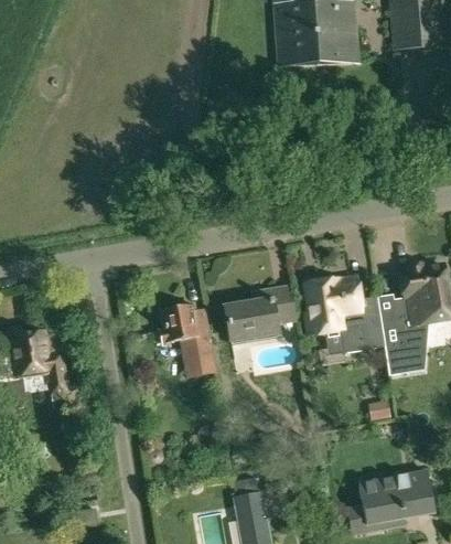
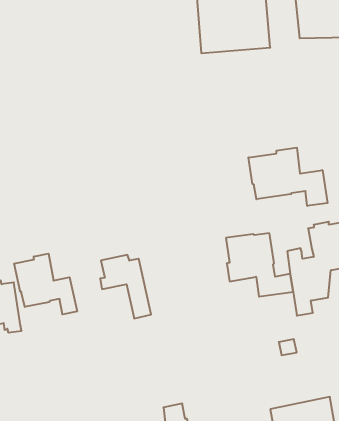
building: none -> [248,148,328,206]
building: [225,288,296,339] -> none
building: none -> [14,254,77,314]

